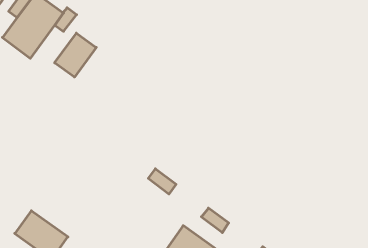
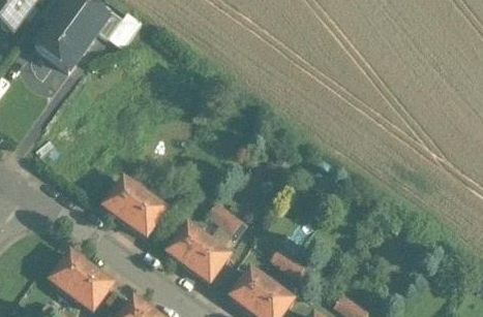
building: [55,33,96,77] -> none
building: none -> [103,177,167,235]
building: none -> [167,222,230,281]

